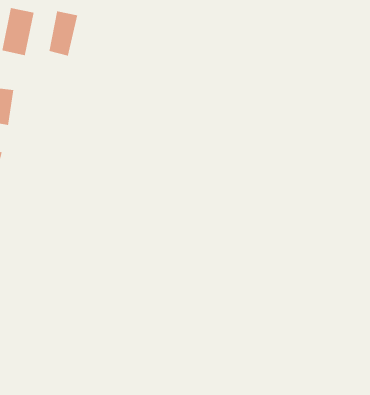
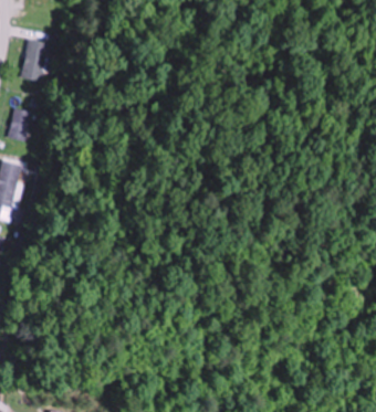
building: [49,11,78,57] -> none

